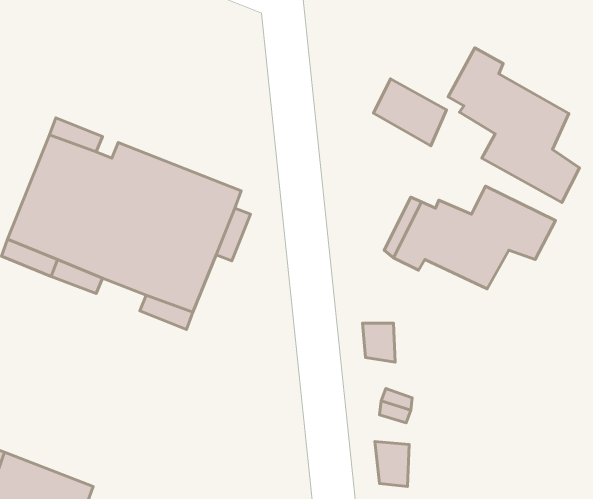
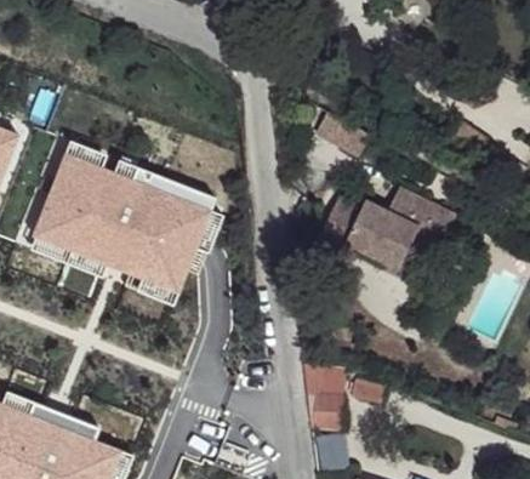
building: [448,48,580,202] -> none

